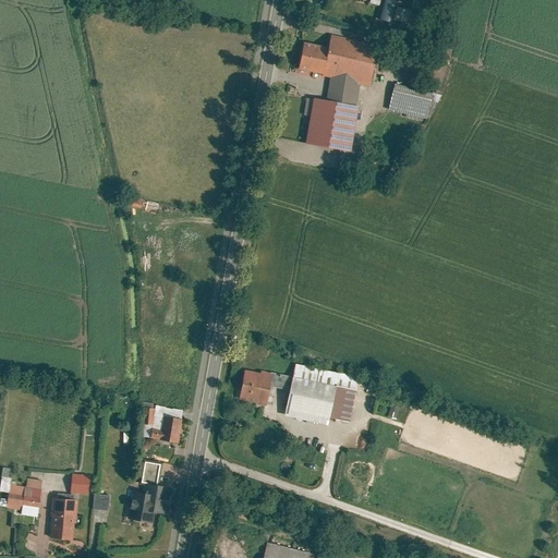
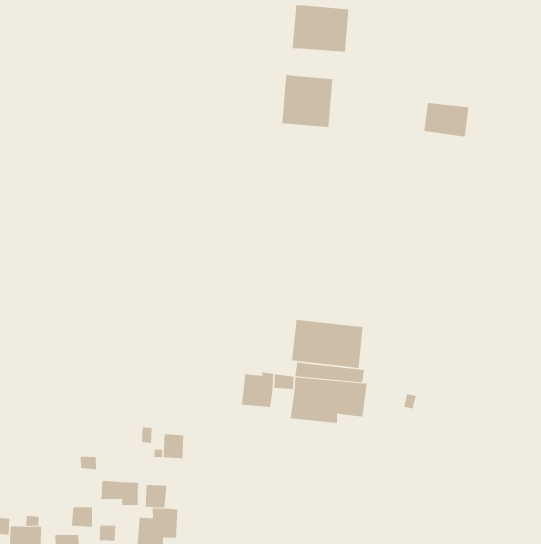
building: [298,43,328,73] -> none
building: [327,76,360,107] -> none
building: [387,84,432,120] -> [423,102,469,137]
building: none -> [292,319,363,369]
building: none -> [101,480,139,506]

